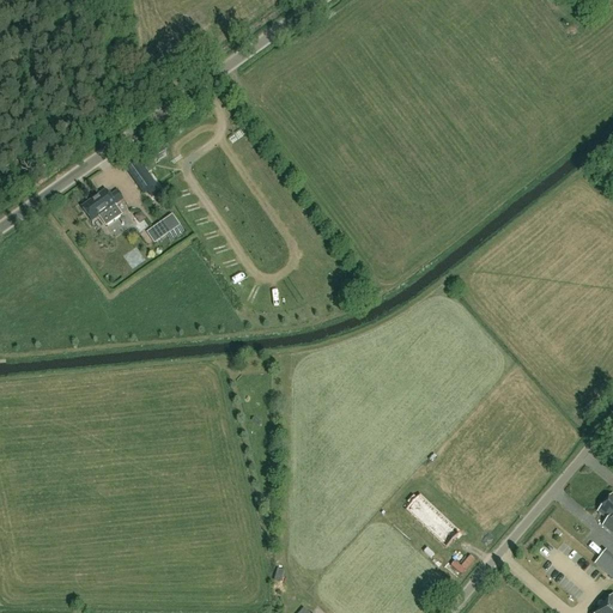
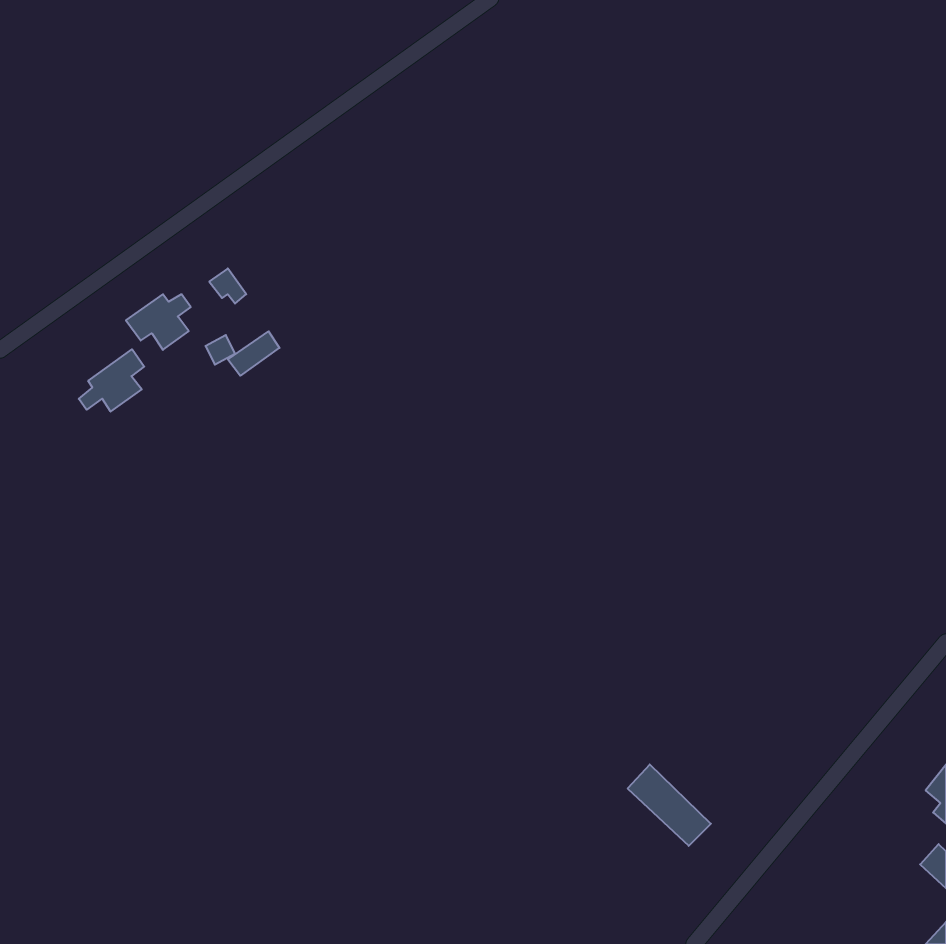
building: none -> [79,349,144,412]

